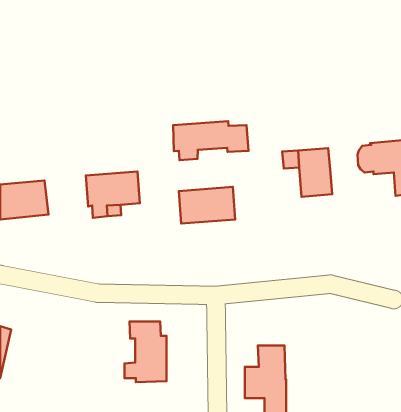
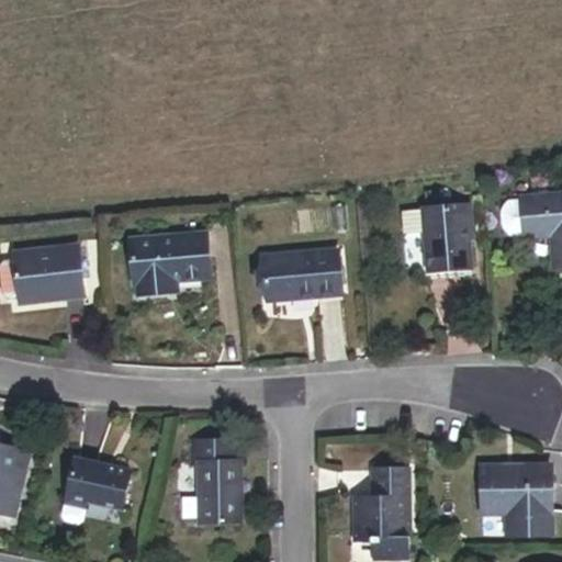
building: [173,121,248,160] -> none
building: none -> [64,456,133,521]
building: none -> [479,456,549,525]

